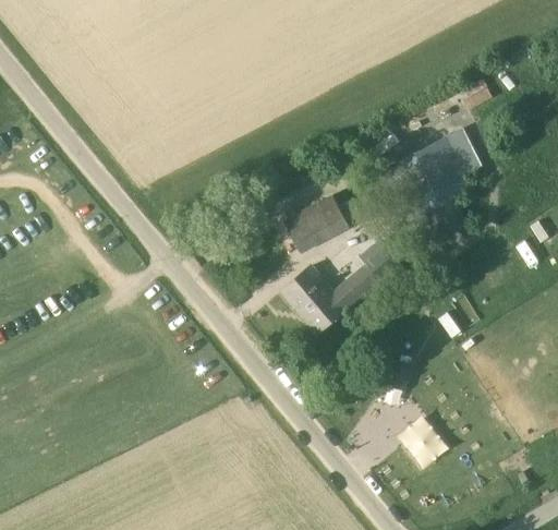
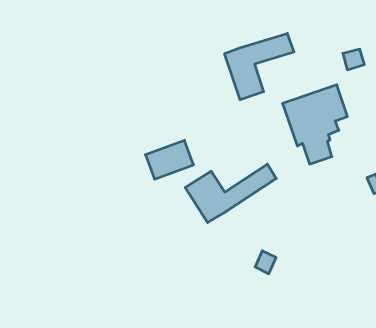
building: none -> [225,33,294,100]
building: [282,194,348,251] -> [145,140,194,179]

